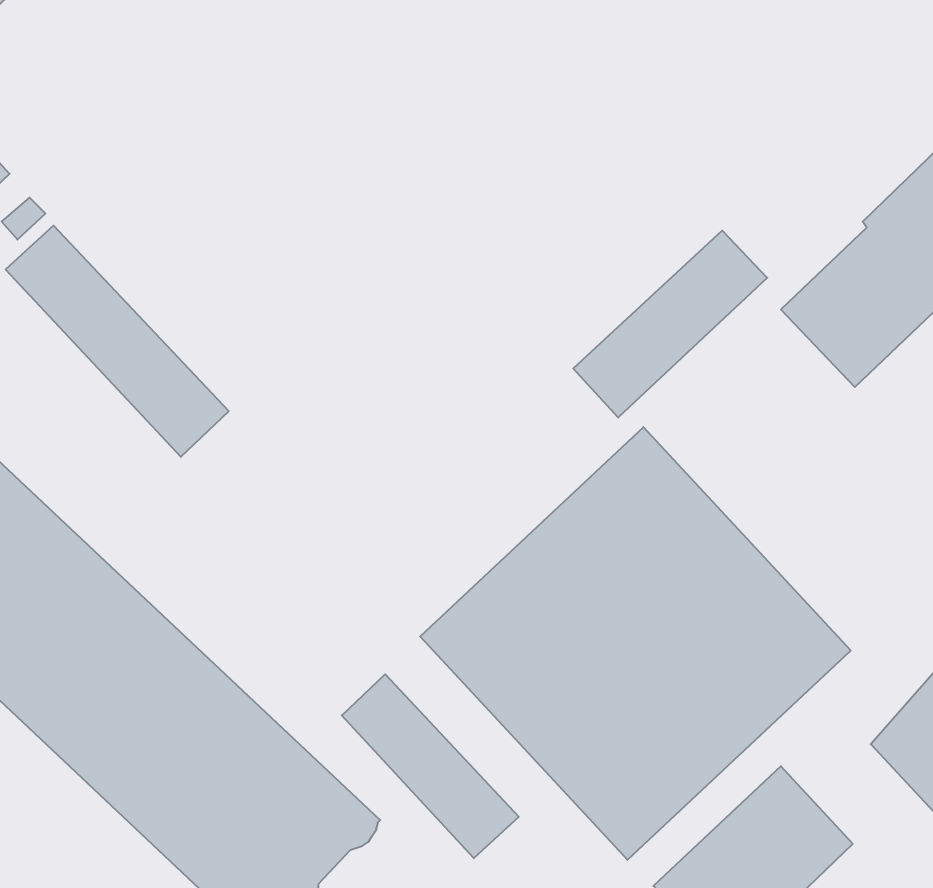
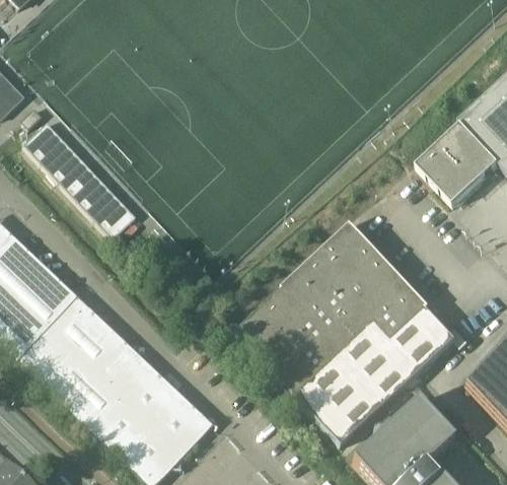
building: [573,231,767,418] -> none
building: [342,674,519,858] -> none

